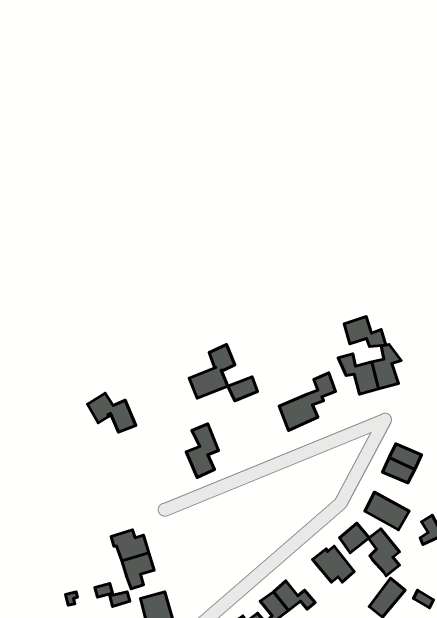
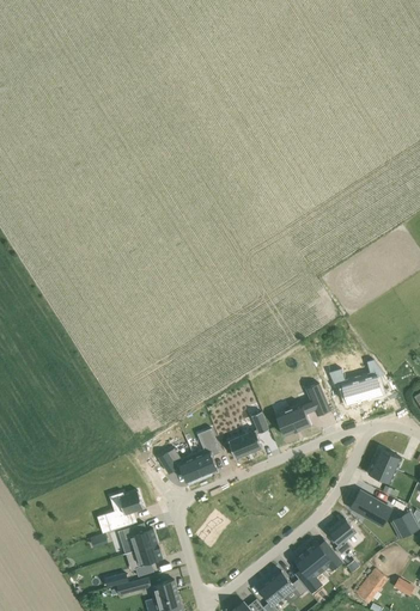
building: [344,317,386,347] -> none
building: [189,345,235,398] -> [227,413,268,460]
building: [88,393,136,432] -> [159,451,202,485]
building: none -> [105,491,144,532]
building: [369,529,399,576] -> [294,552,322,594]

